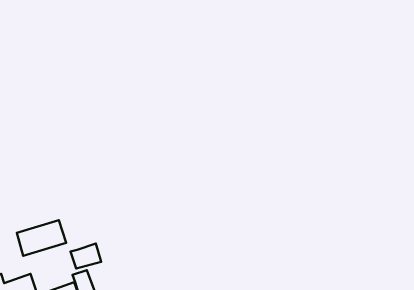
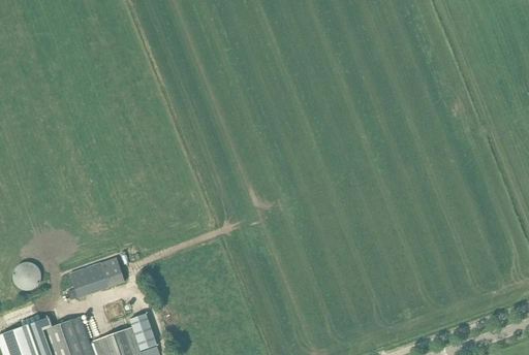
building: [70,243,101,269] -> none

